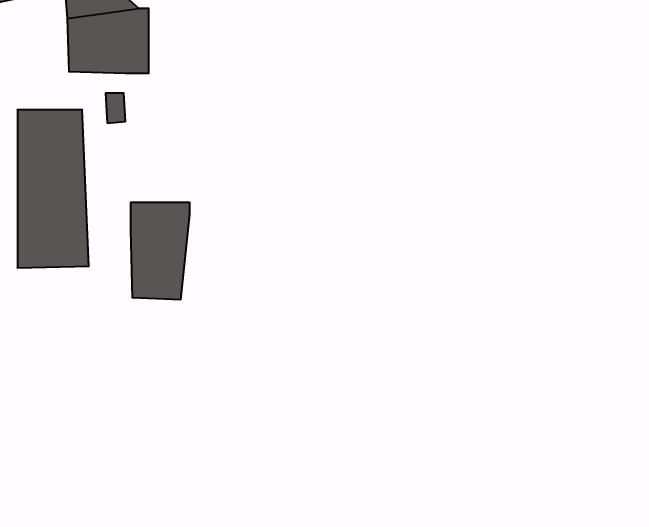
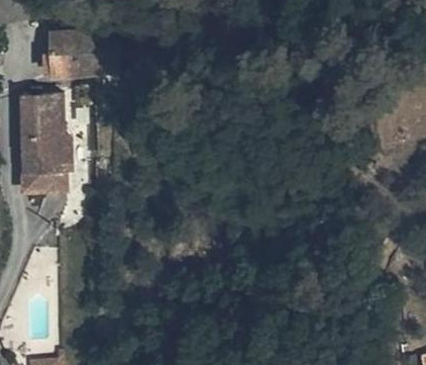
building: [131,202,189,300] -> none

